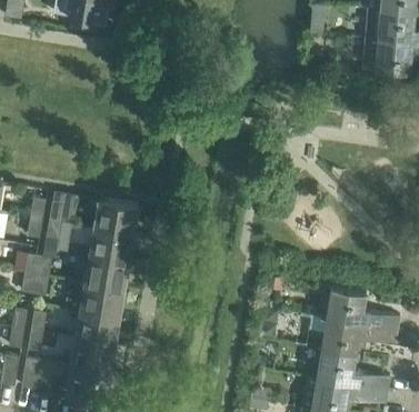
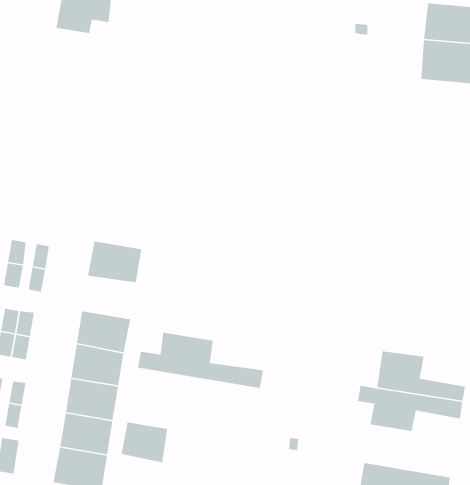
building: [89,228,133,262] -> none
building: none -> [137,332,264,389]
building: none -> [121,421,168,463]
building: [317,348,389,390] -> none

